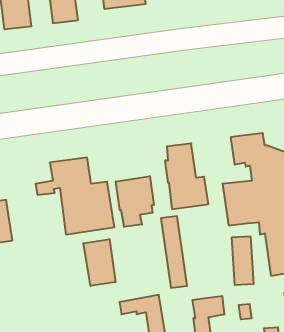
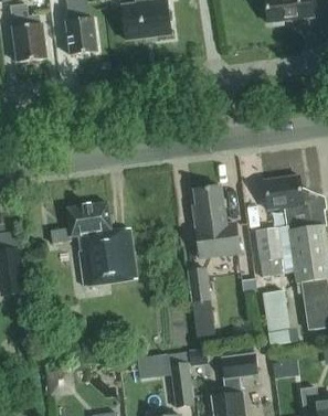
building: [116,176,154,227] -> none
building: [83,239,116,286] -> none

